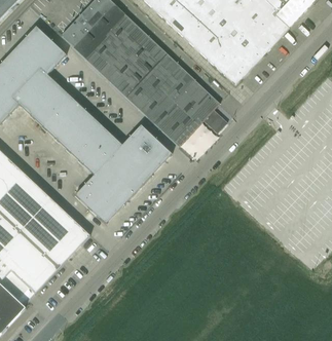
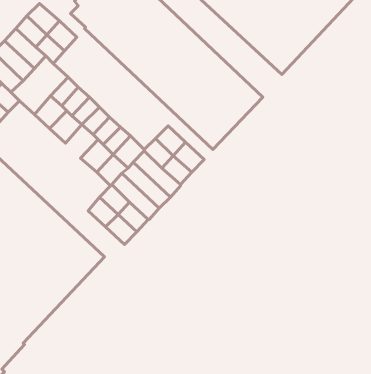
building: [58,125,84,153] -> none

